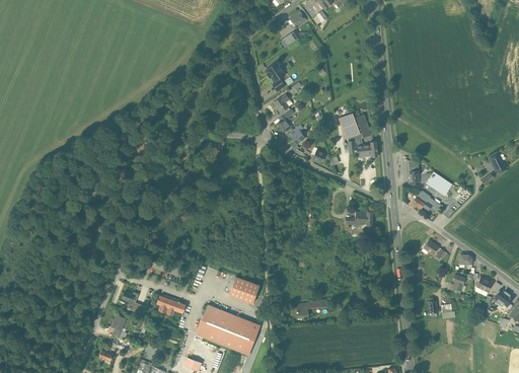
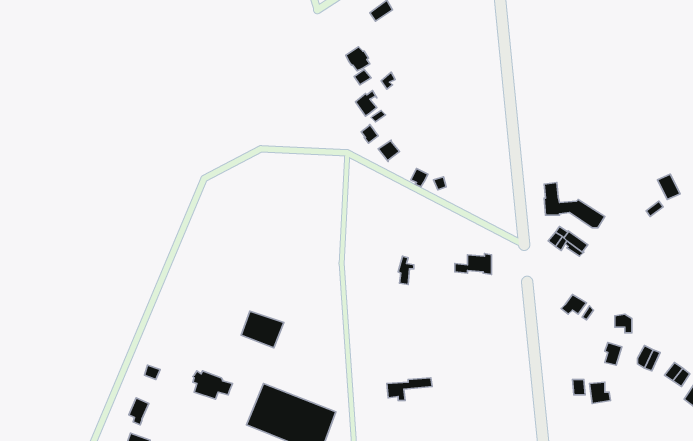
building: [339,114,378,156] -> none
building: [229,277,260,303] -> [241,311,284,348]

